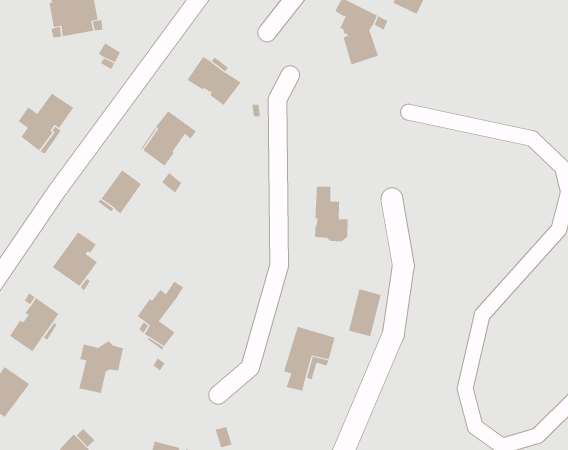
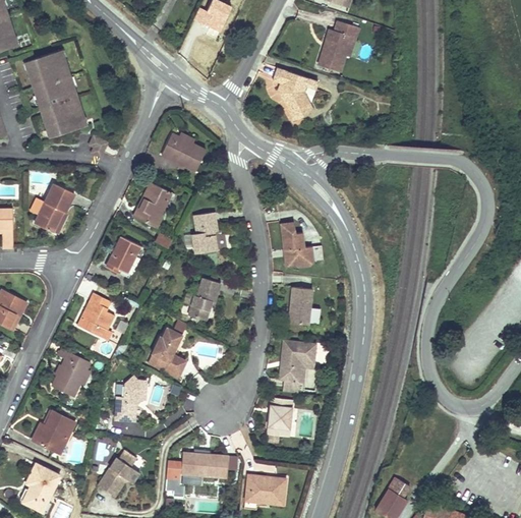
building: none -> [192,212,218,253]
building: none -> [188,278,220,320]
building: [348,289,382,337] -> [289,286,311,324]
building: none -> [268,397,292,436]

